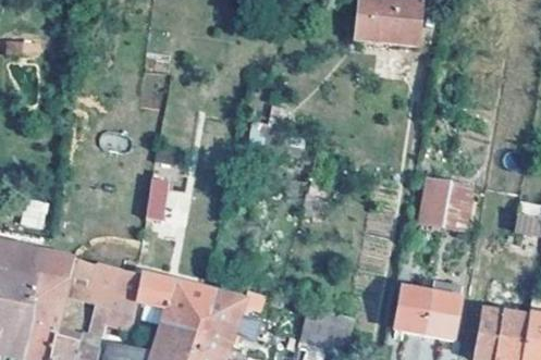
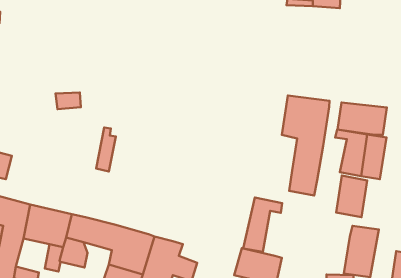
building: none -> [282,96,329,195]
building: none -> [338,103,387,135]
building: none -> [243,198,282,252]
building: [395,287,430,334] -> [336,176,367,217]

